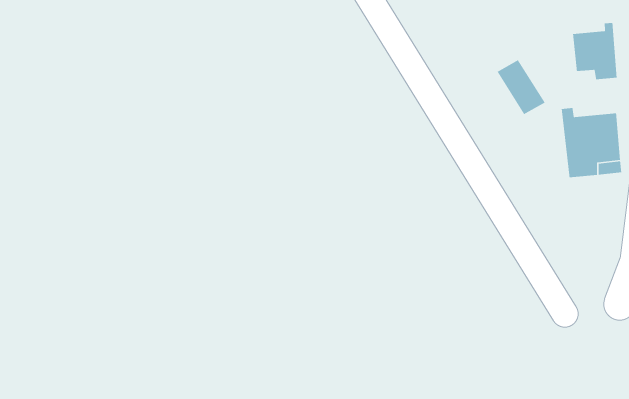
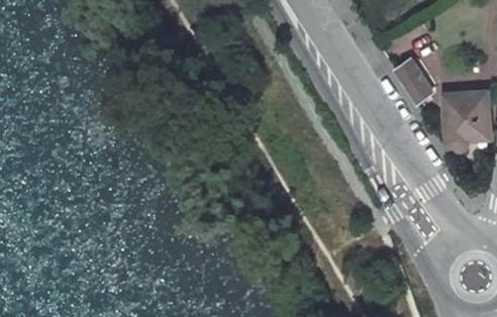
building: [572,22,617,80] -> none

